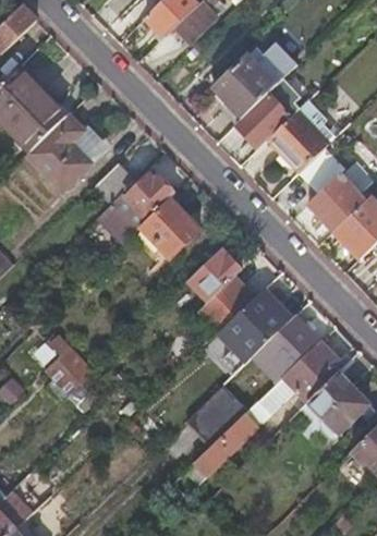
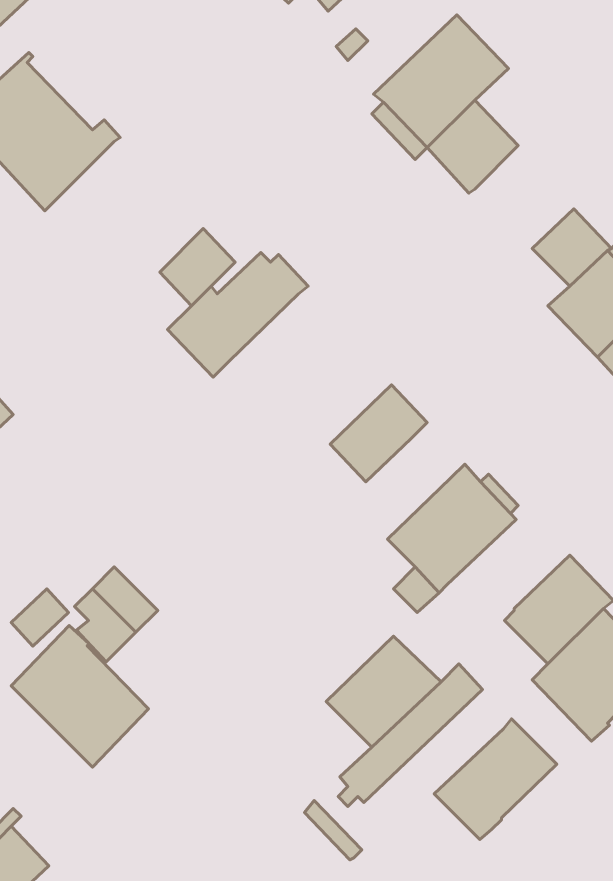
building: [268,109,331,172] -> none
building: [28,113,104,188] -> none
building: [133,197,200,266] -> none
building: [198,277,255,332] -> none
building: [253,316,320,382] -> [434,719,557,839]
building: none -> [11,626,149,767]

